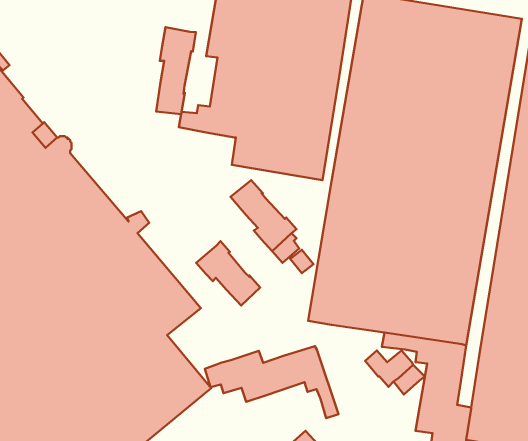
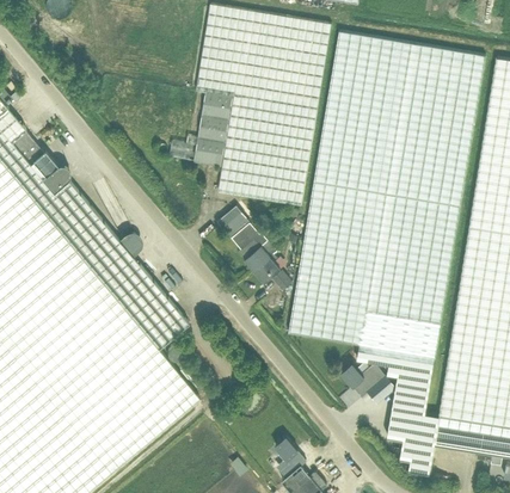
building: [156,27,196,114] -> none
building: [196,241,260,306] -> none
building: [205,346,338,418] -> none

